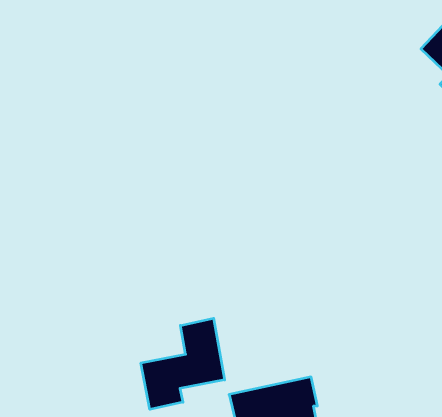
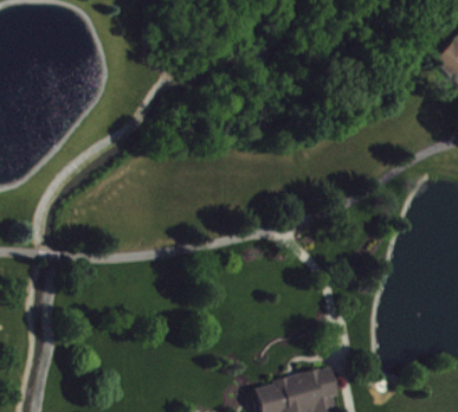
building: [141,318,225,409] -> none

